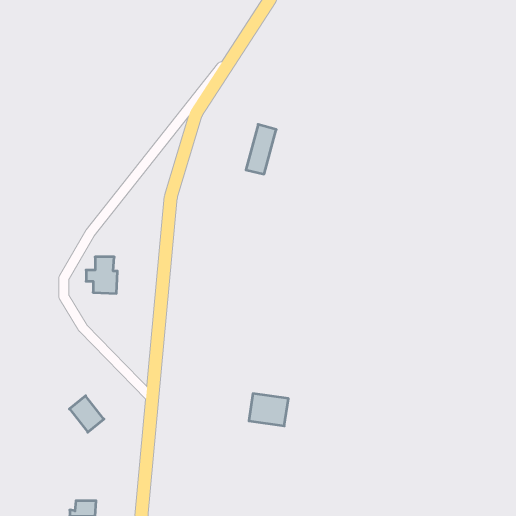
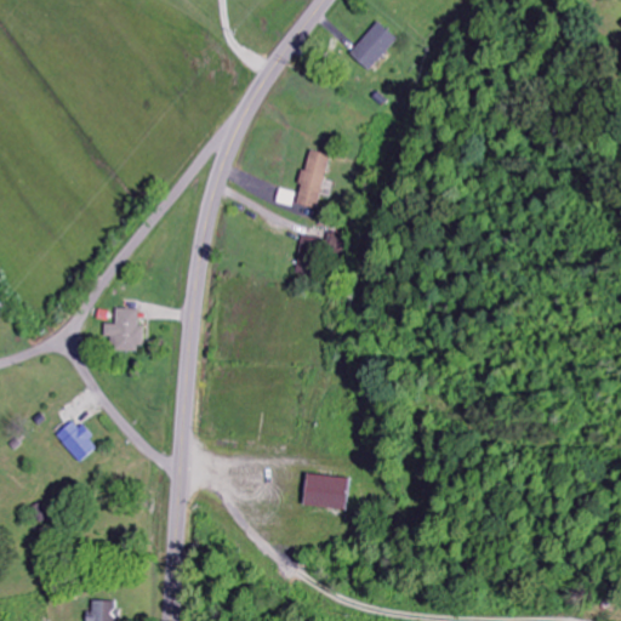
building: none -> [351,22,397,72]
building: [69,396,104,432] -> [55,418,96,462]

